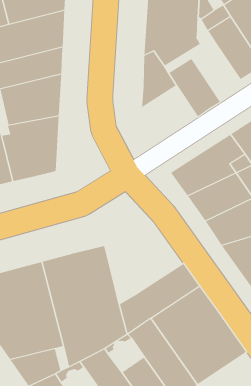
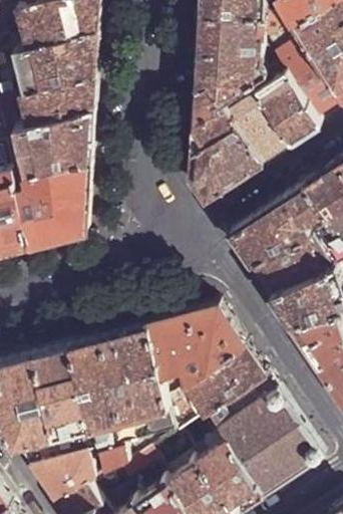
building: none -> [254,73,319,147]
building: none -> [190,126,261,202]
building: none -> [145,307,244,387]

